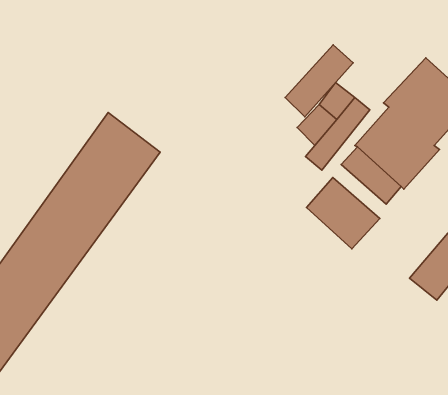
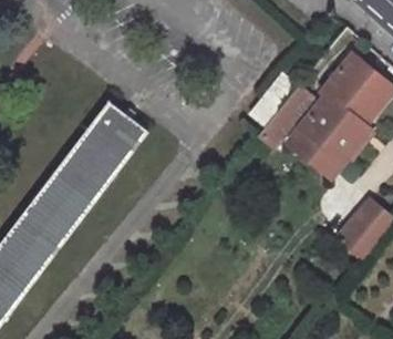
building: [285,45,353,117] -> none
building: [307,178,380,249] -> none

